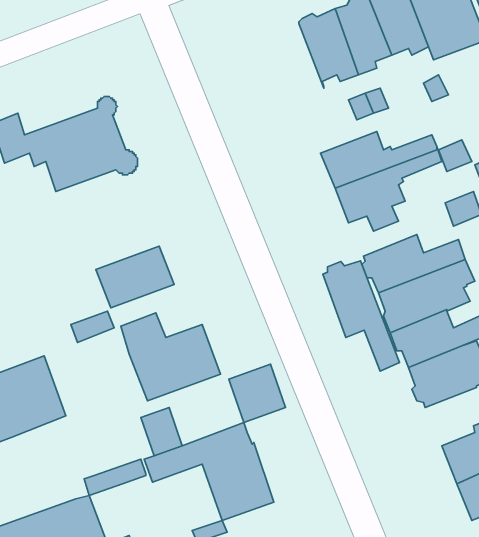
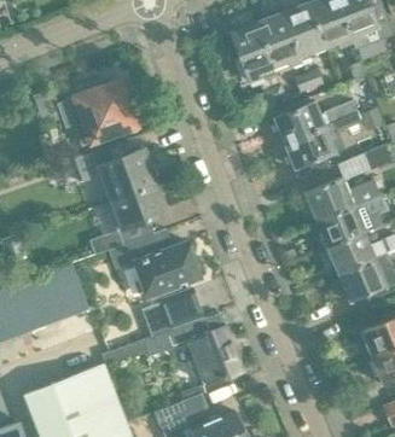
building: none -> [231,22,285,105]
building: none -> [71,145,156,202]
building: [323,261,399,371] -> none
building: [229,364,285,422] -> [162,287,203,330]

